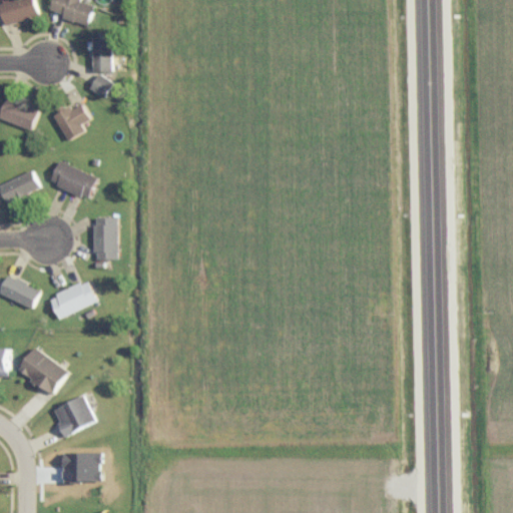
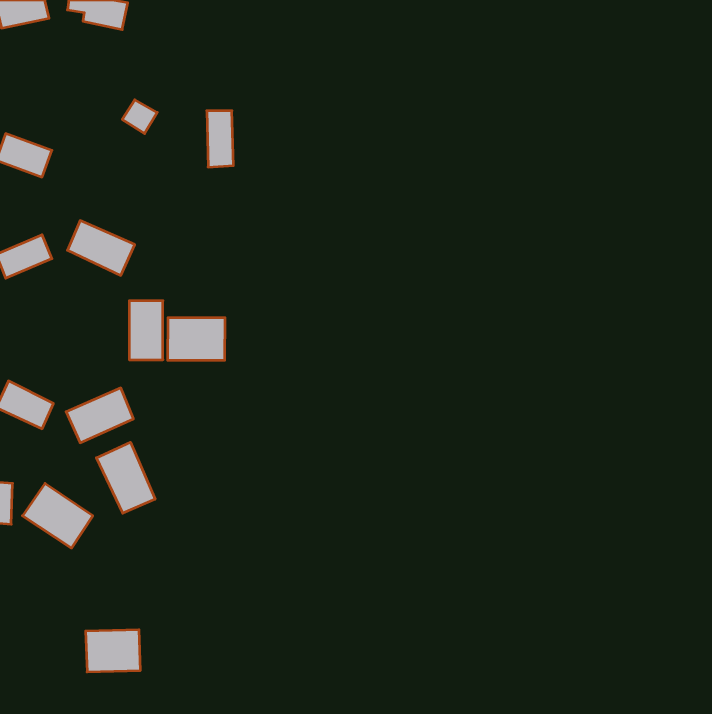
building: [90,31,109,71] -> [207,111,233,167]
building: [51,103,88,140] -> none
building: none -> [168,318,225,360]
building: none -> [96,442,155,513]
building: [51,395,94,436] -> none

